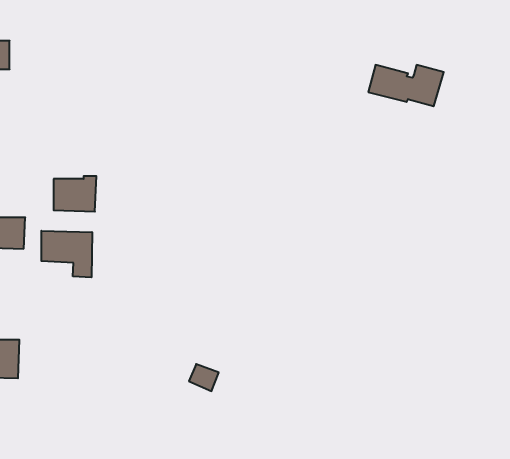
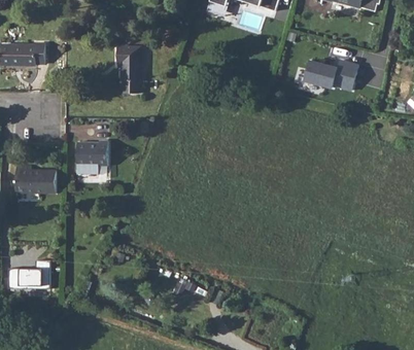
building: none -> [117,46,140,93]
building: [41,231,92,277] -> none

